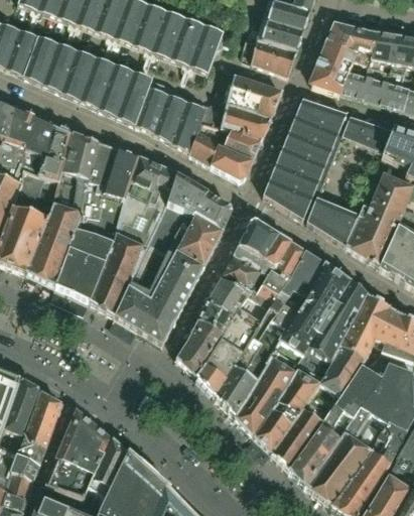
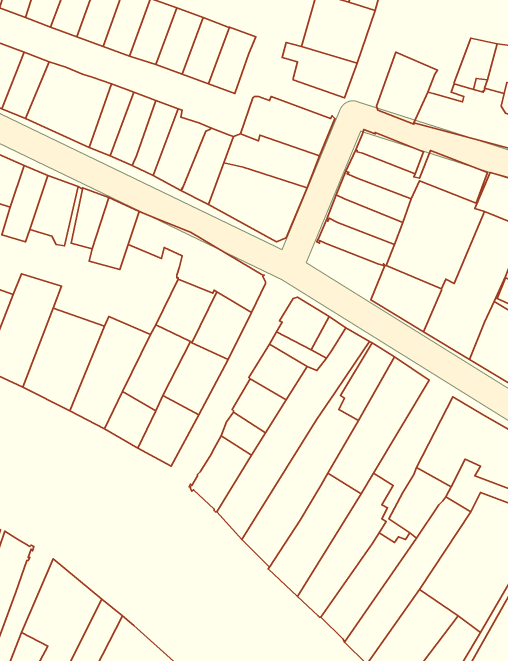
building: [326,21,381,63] -> none
building: [263,178,313,219] -> none
building: [310,280,368,362] -> none

